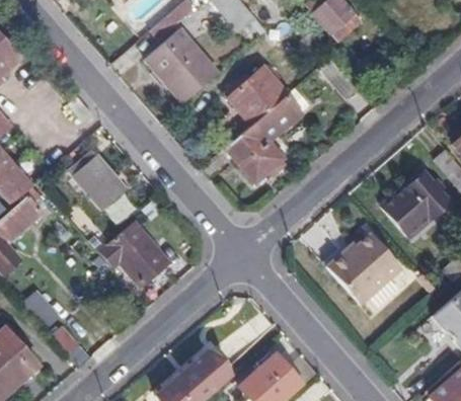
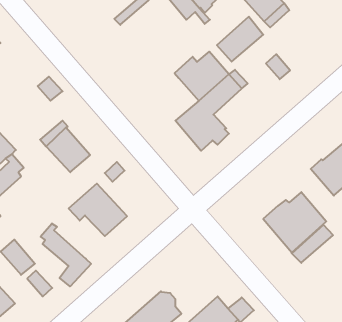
building: none -> [217,17,263,62]
building: [145,28,215,101] -> none
building: none -> [41,223,91,286]

